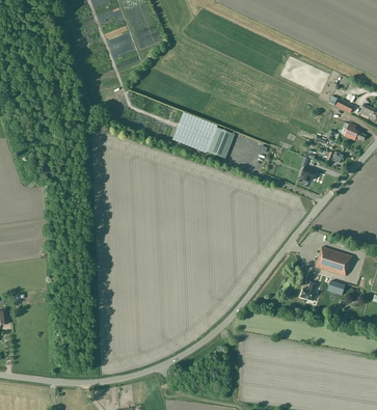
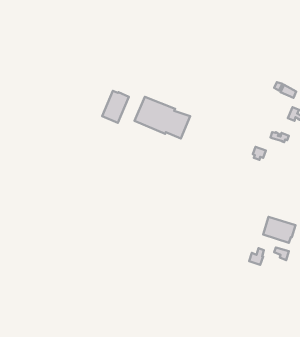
building: none -> [102,91,129,123]

